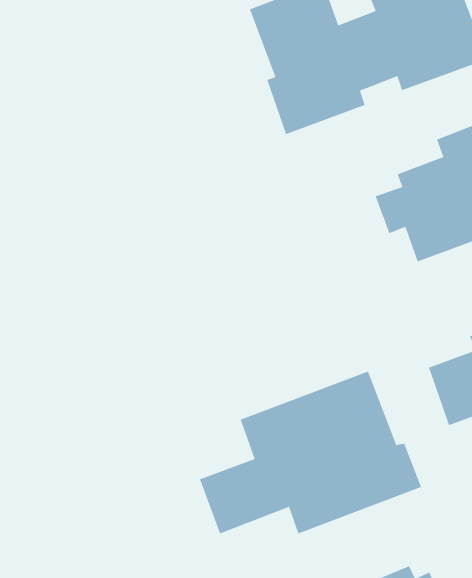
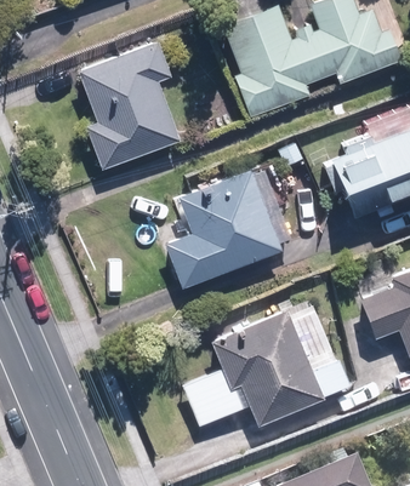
building: none -> [76,36,182,171]
building: none -> [164,164,290,288]

